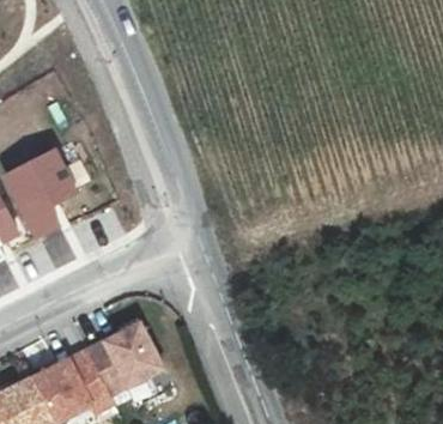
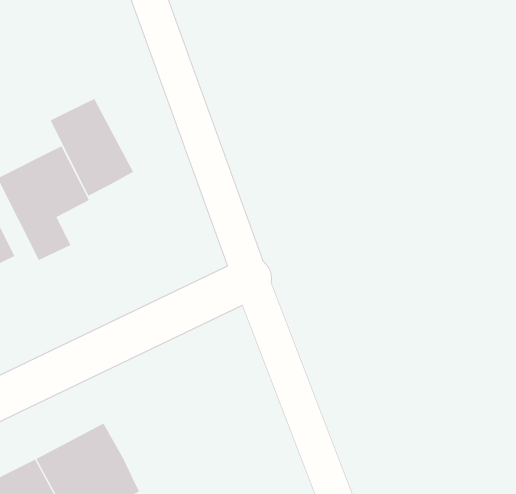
building: none -> [50,98,134,197]
building: [83,325,160,398] -> none

